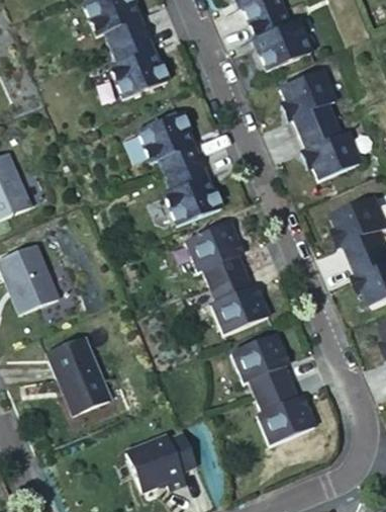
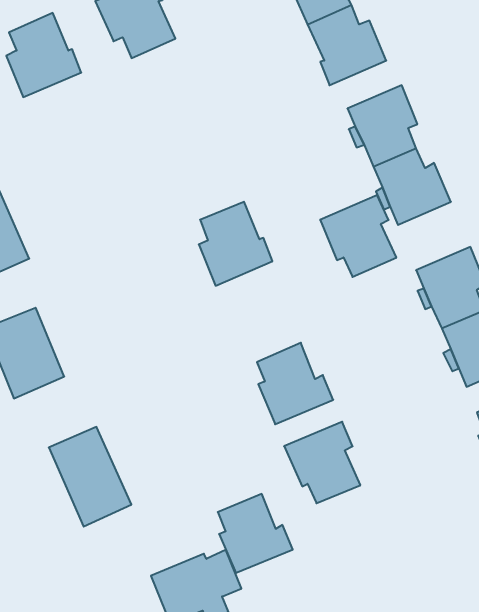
building: [108,32,167,98] -> [6,13,81,97]
building: [136,112,198,174] -> none
building: [183,222,243,285] -> [320,195,396,277]
building: [255,381,313,443] -> [218,494,293,573]

